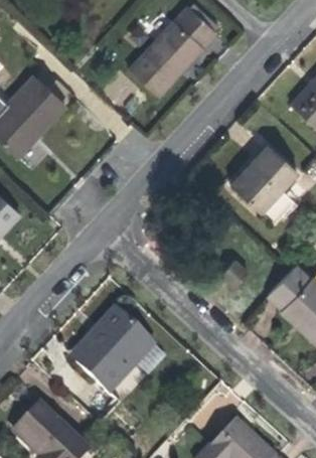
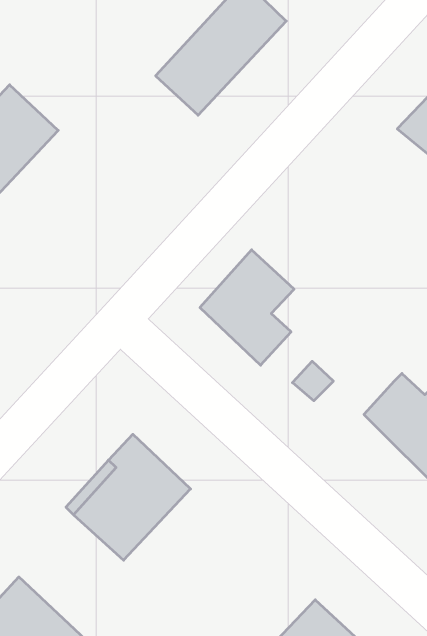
building: [233,146,296,222] -> [200,250,294,365]

